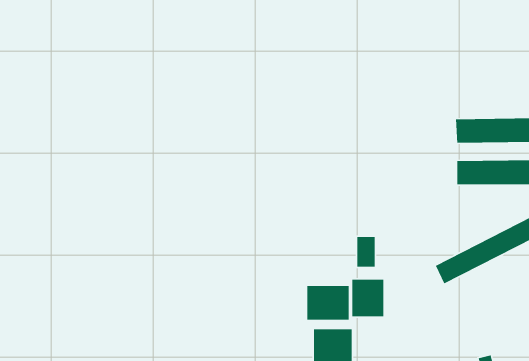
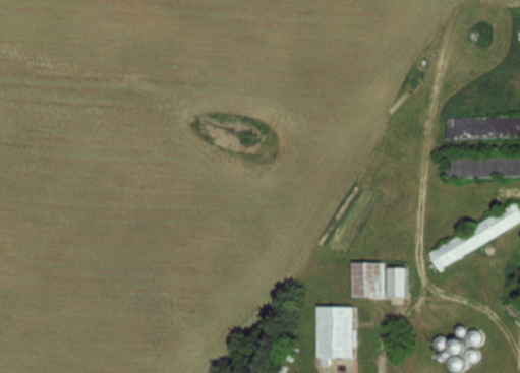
building: [356,236,376,268] -> [388,267,405,296]
building: [307,285,350,321] -> none

